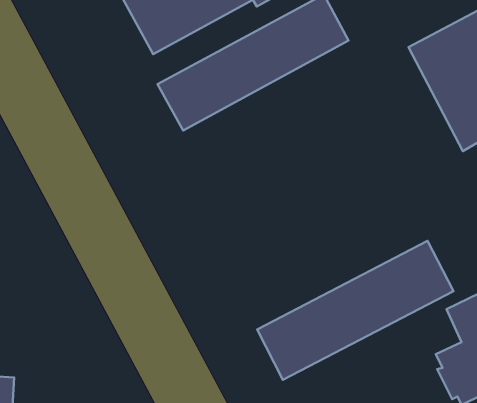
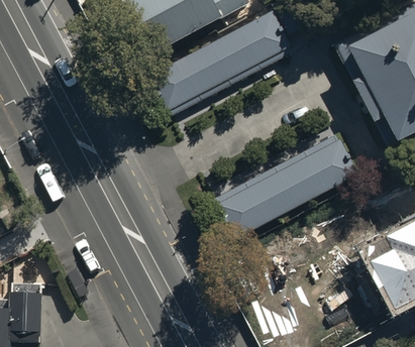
building: [257,241,454,380] -> [215,136,360,239]

